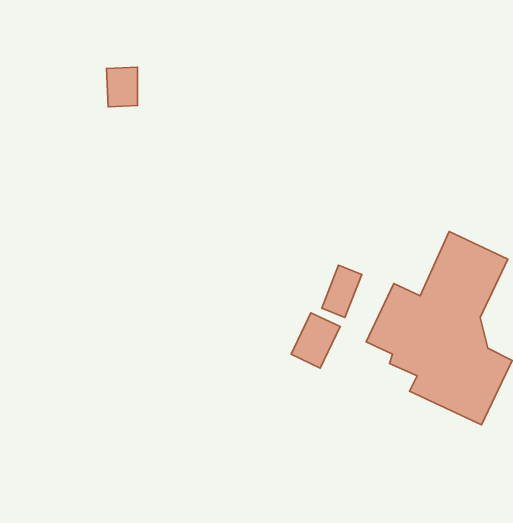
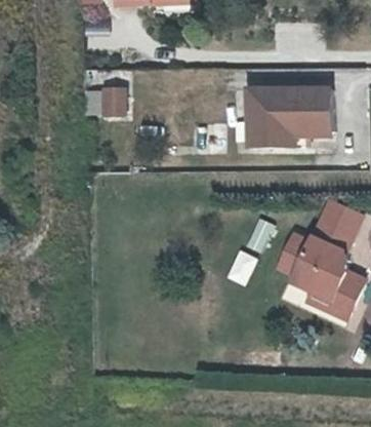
building: none -> [249,88,334,148]

